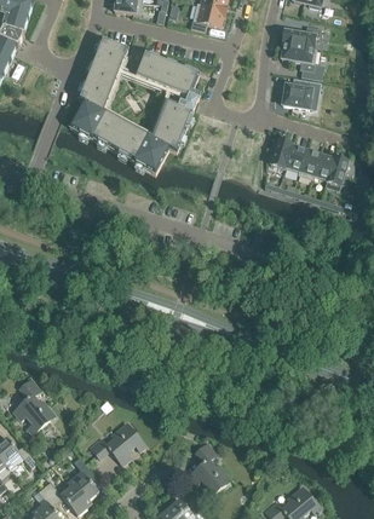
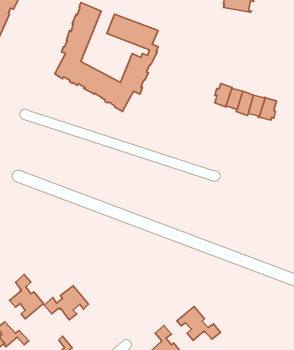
building: [281,42,316,70] -> none
building: [281,77,321,108] -> none
building: none -> [177,306,220,340]
building: [91,421,146,463] -> [44,286,88,320]

